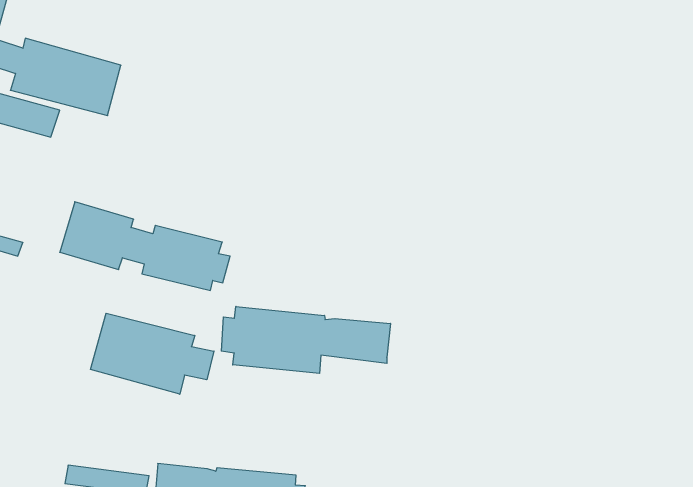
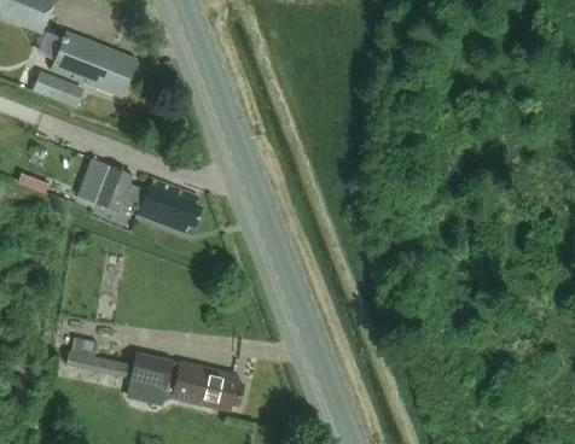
building: [221,306,390,373] -> none
building: [91,313,214,394] -> none

